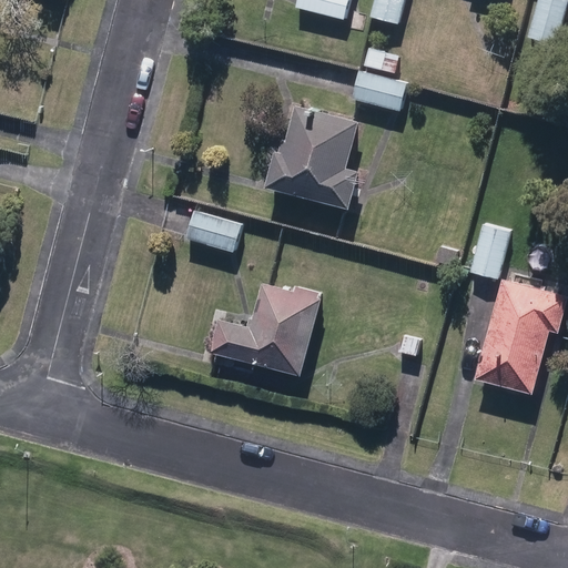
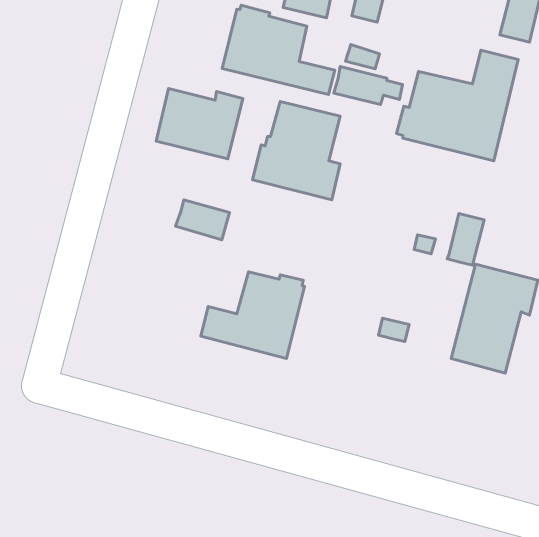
building: none -> [222,5,335,94]
building: none -> [396,50,518,161]
building: none -> [156,89,243,159]

